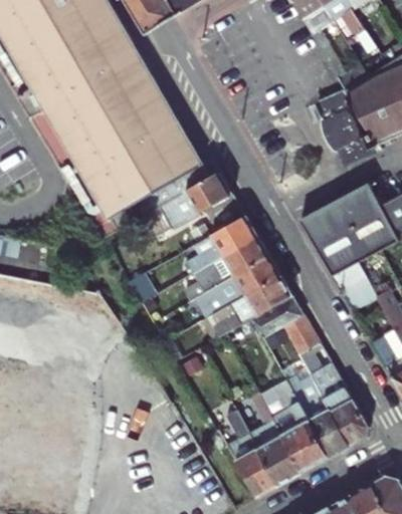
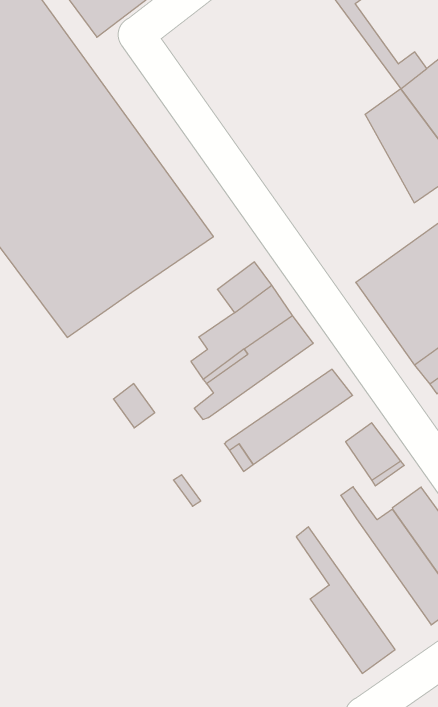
building: [150,170,232,230] -> none
building: [193,255,280,316] -> none
building: [252,293,304,335] -> none
building: [272,377,330,469] -> none
building: [226,408,279,495] -> none

